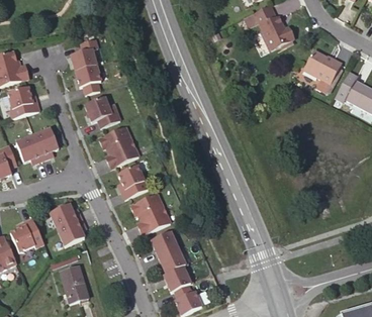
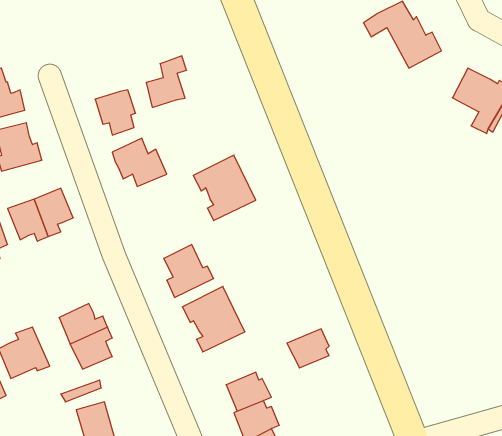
building: [69,36,95,70] -> [146,56,187,107]
building: [97,124,137,167] -> [193,155,256,221]
building: [150,229,177,254] -> [287,329,329,368]

